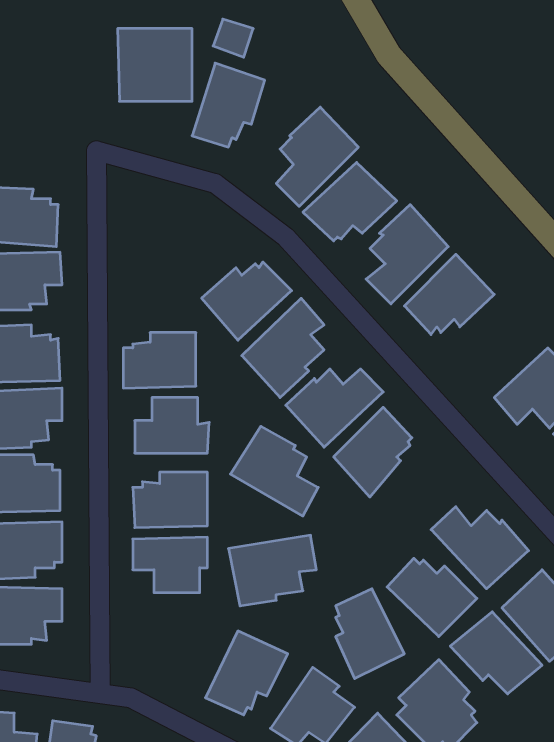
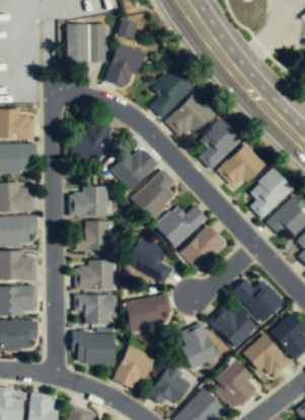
building: none -> [70,121,112,163]
building: none -> [250,167,293,219]
building: none -> [71,330,115,364]

